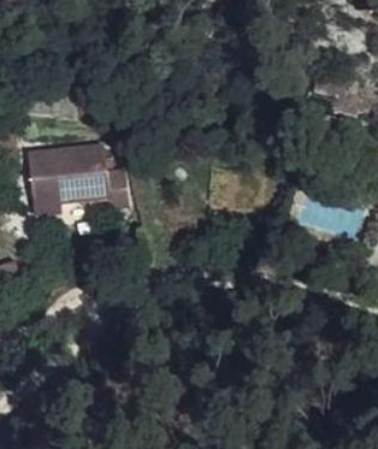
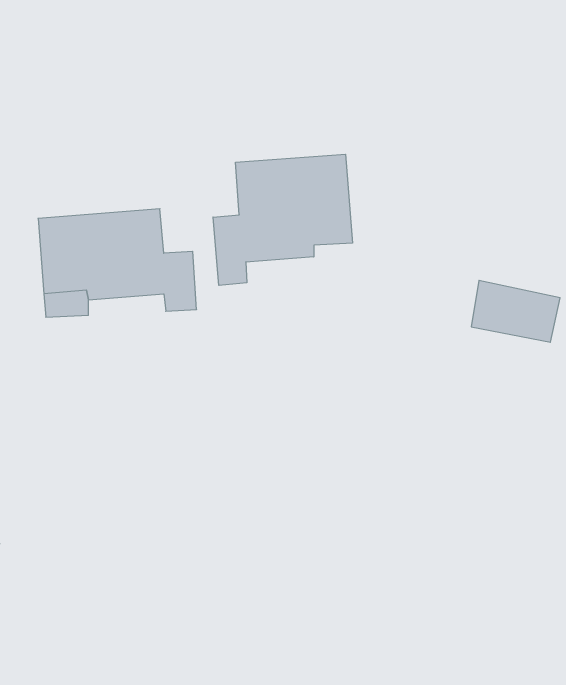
building: none -> [213,154,352,285]

